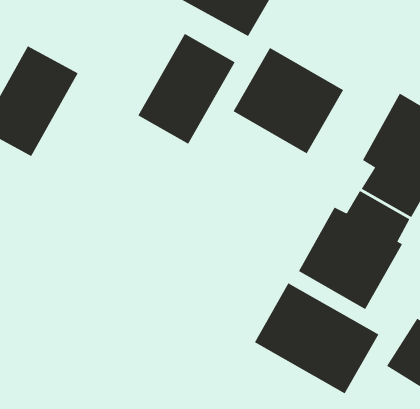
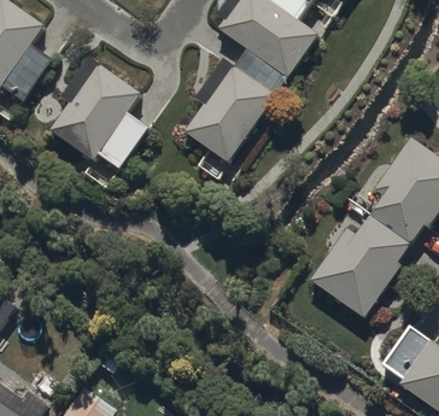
building: [233,47,344,154] -> none
building: [254,283,379,394] -> none

